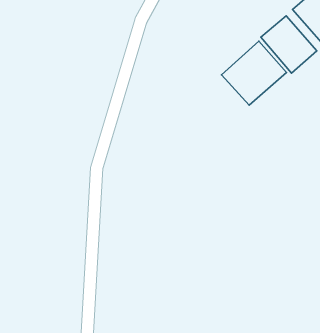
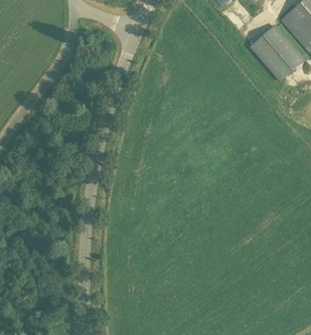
building: [222,41,286,105] -> none

